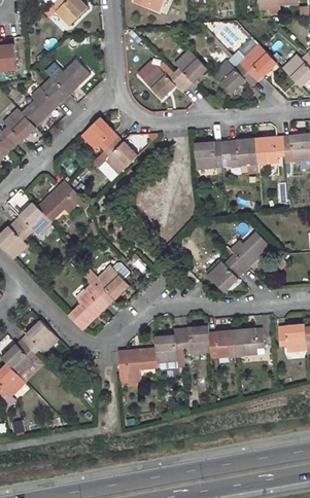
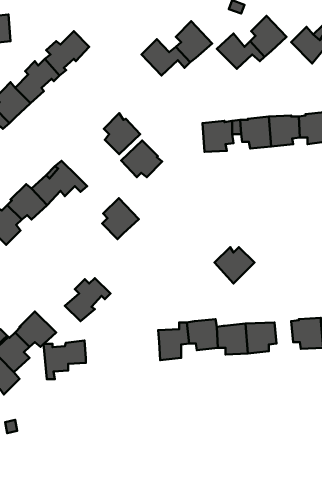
building: [79,115,117,149] -> [121,141,162,177]
building: [229,233,271,274] -> none
building: [95,264,129,303] -> [102,198,139,239]
building: [116,348,156,384] -> [44,341,86,379]

